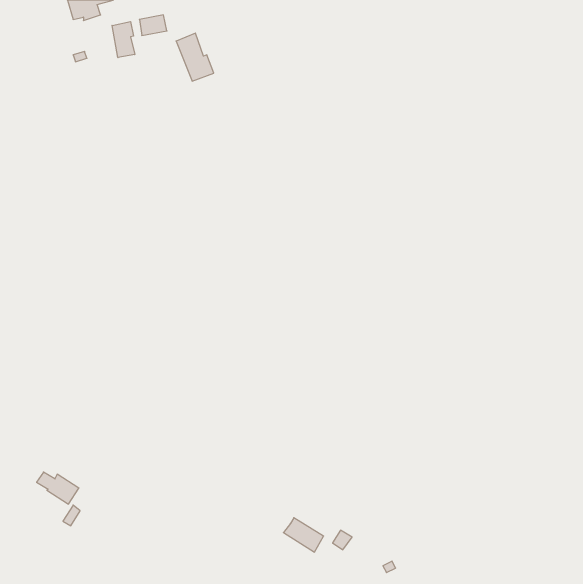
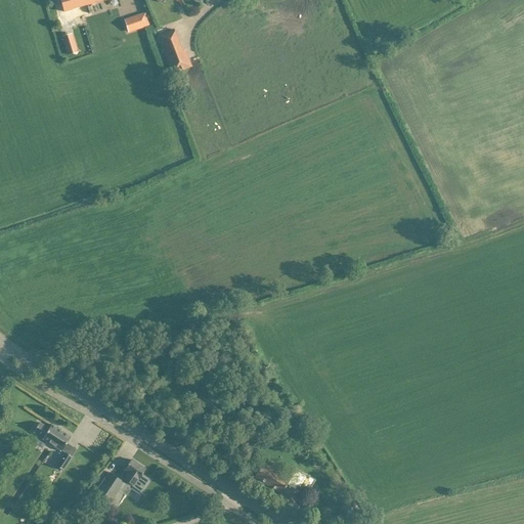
building: [112,22,135,58] -> none
building: none -> [95,461,149,504]

